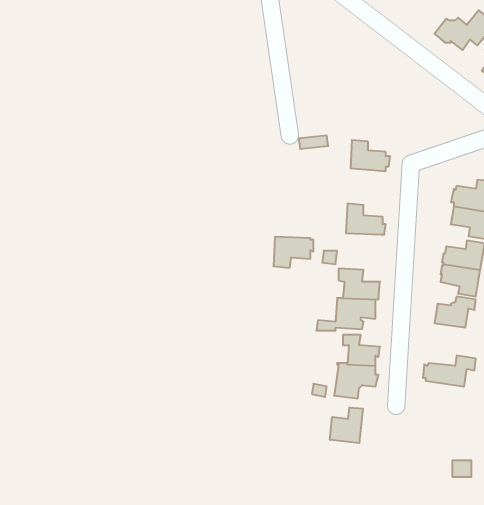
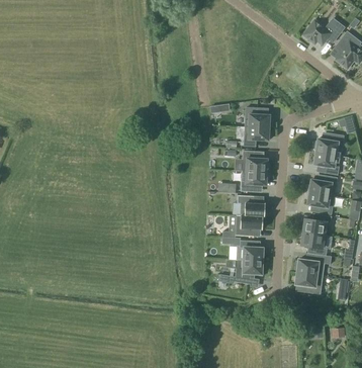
building: none -> [244,126,271,147]
building: [273,237,313,268] -> [241,171,268,192]
building: none -> [300,233,327,256]
building: none -> [294,272,323,294]
building: [330,407,363,443] -> none

